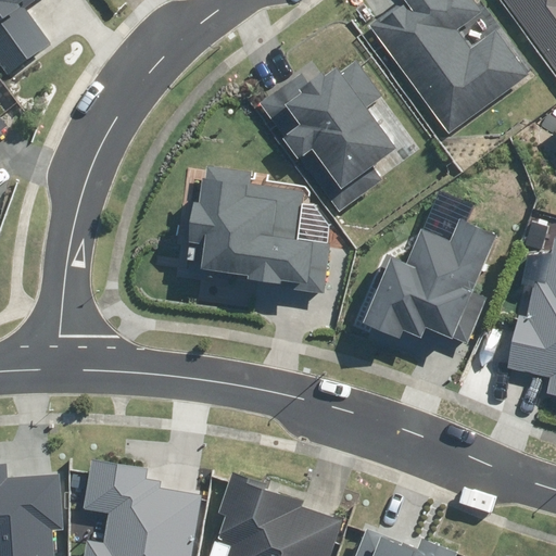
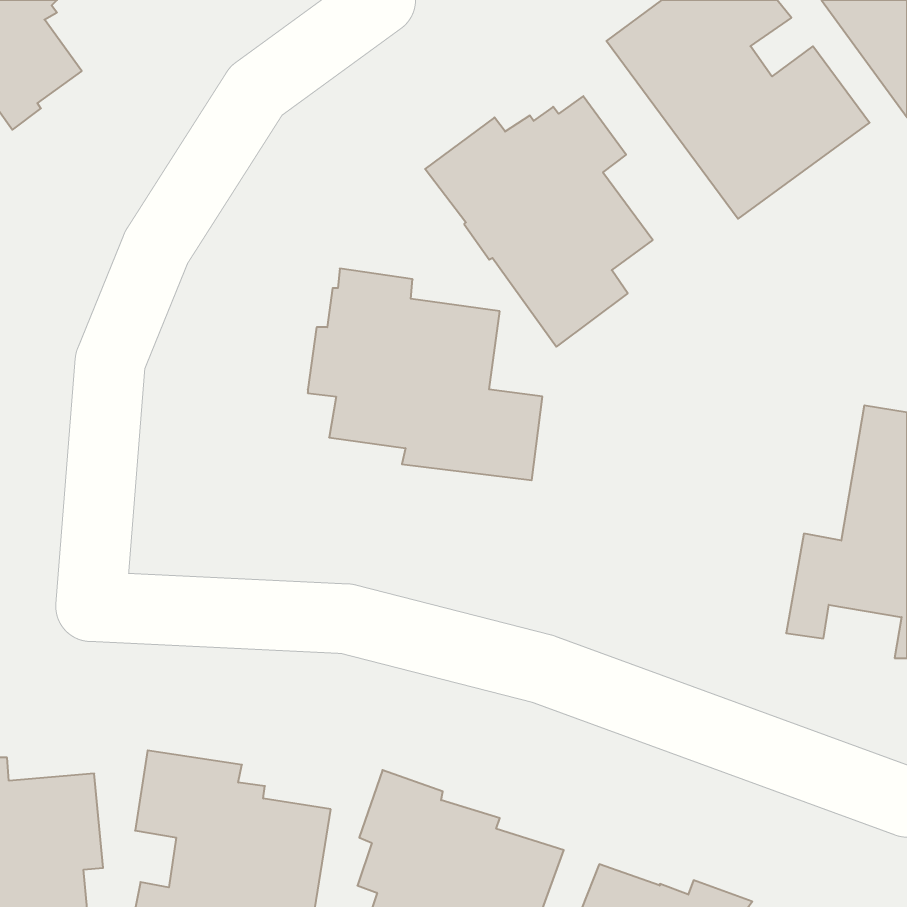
building: [364,218,497,345] -> none

